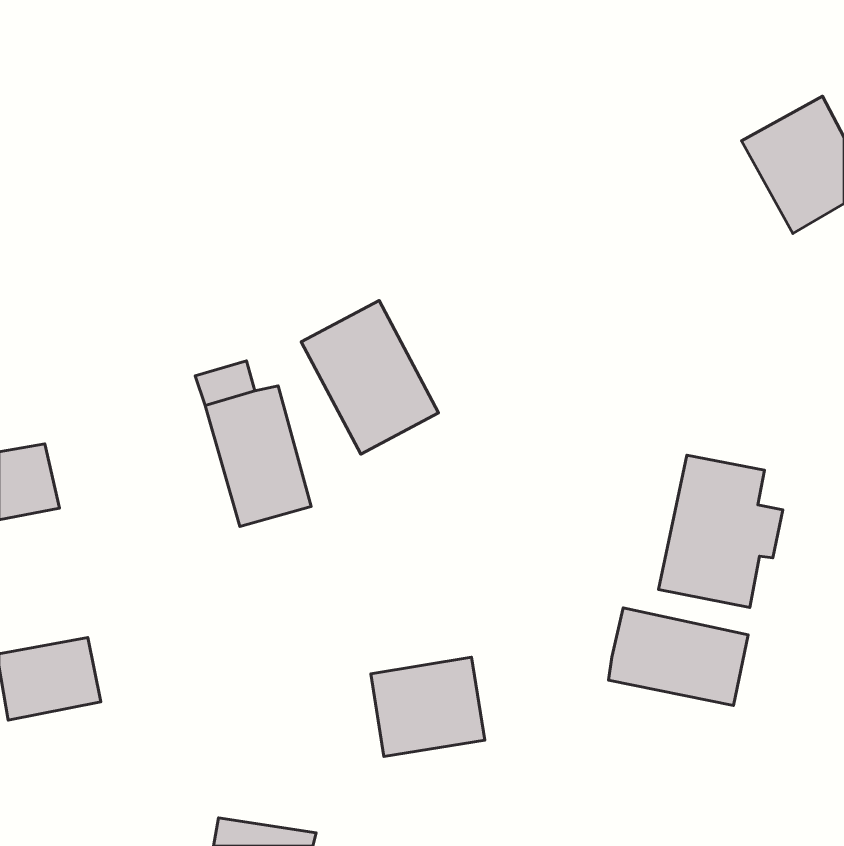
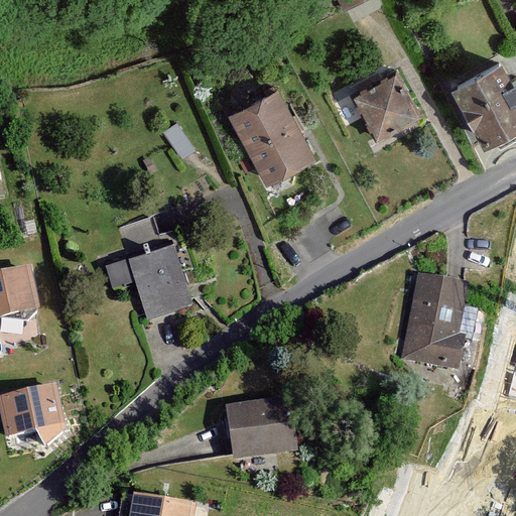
building: none -> [349,68,421,139]
building: [301,300,439,454] -> [230,88,313,181]
building: [609,608,748,705] -> none

